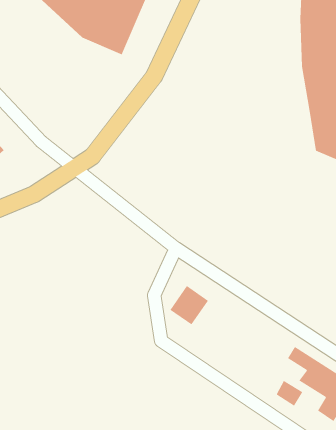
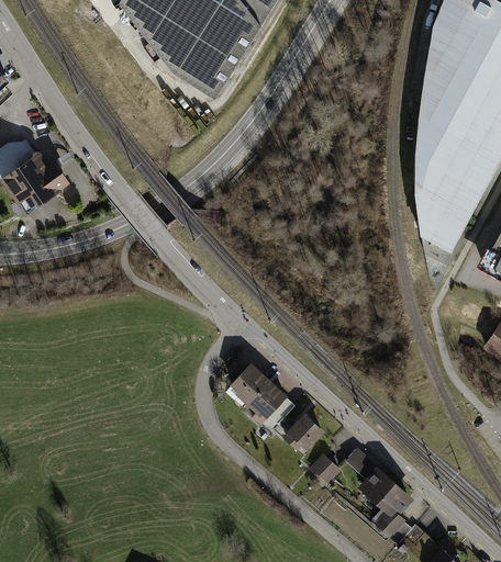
building: none -> [248,383,297,430]
building: none -> [283,414,324,453]
building: [276,380,303,406] -> [311,453,342,484]

